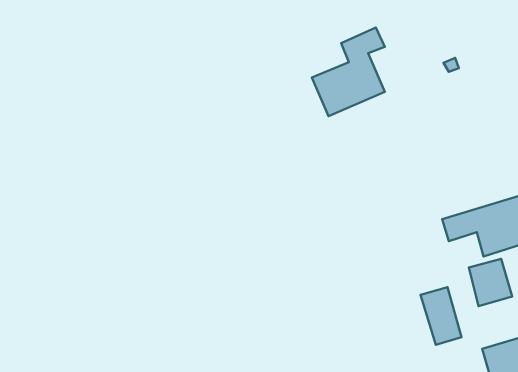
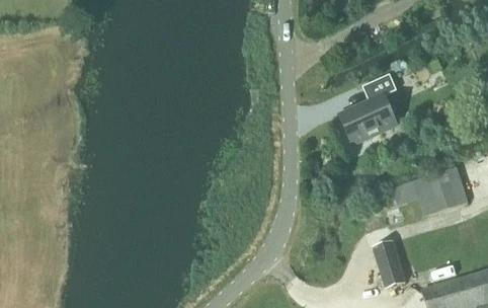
building: [312,28,385,116] -> [339,73,397,143]
building: [469,259,512,306] -> none

